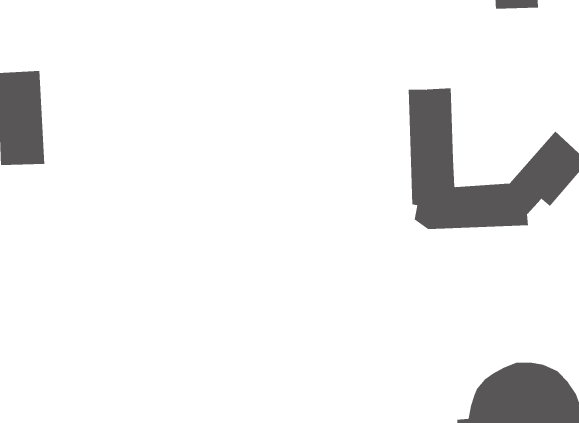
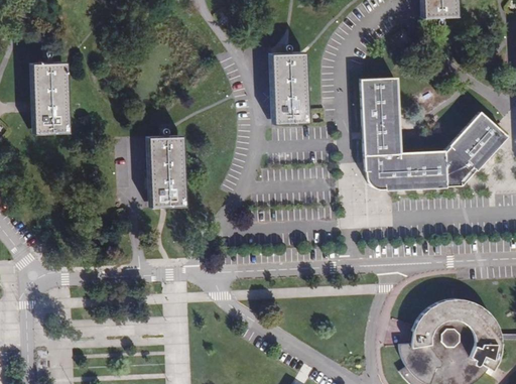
building: none -> [271,50,307,125]
building: none -> [145,134,185,209]

